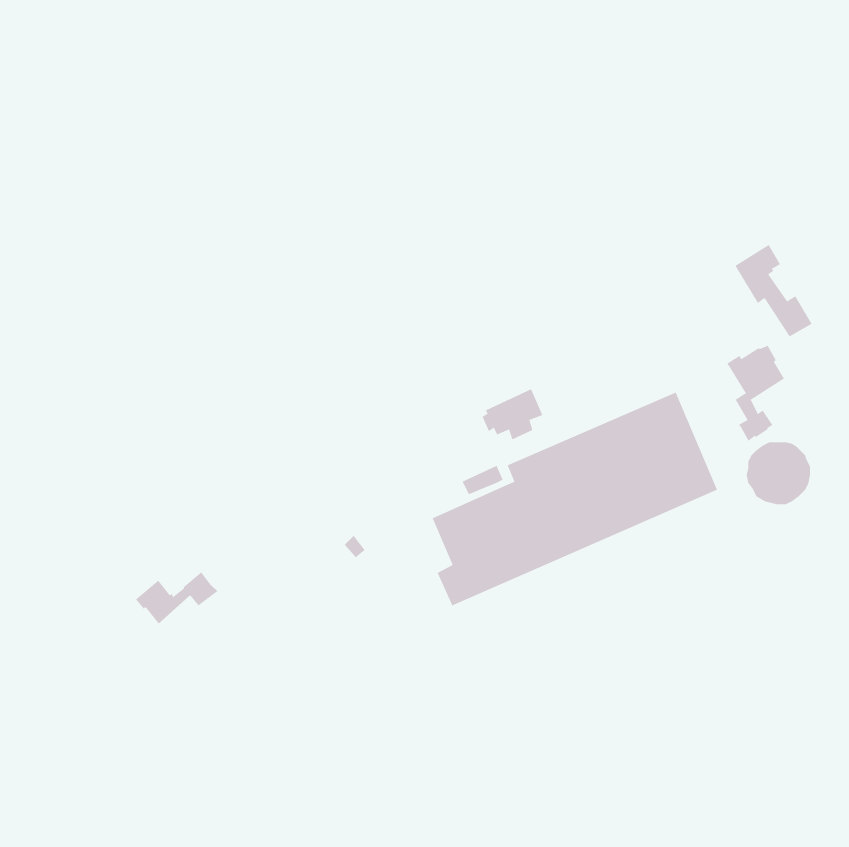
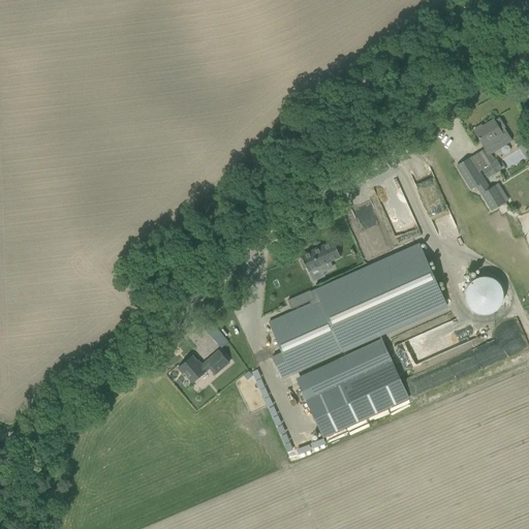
building: [727,345,785,441] -> [473,118,509,178]
building: none -> [298,342,409,436]
building: [135,571,218,625] -> [178,349,229,382]

